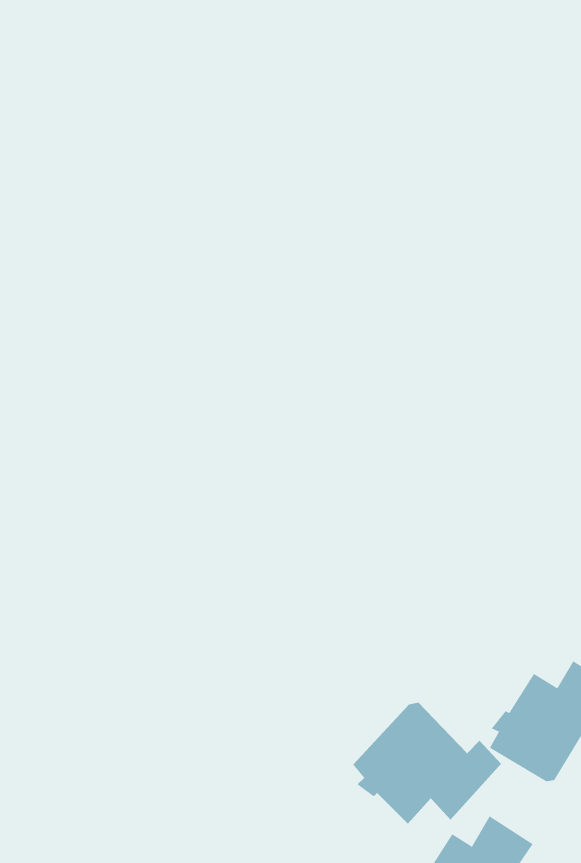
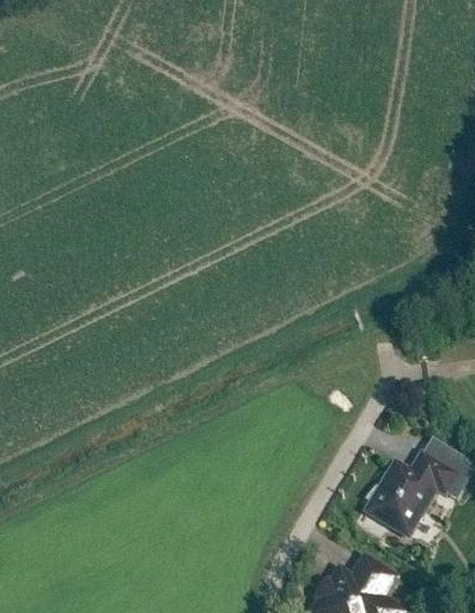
building: [352,702,502,824] -> none

